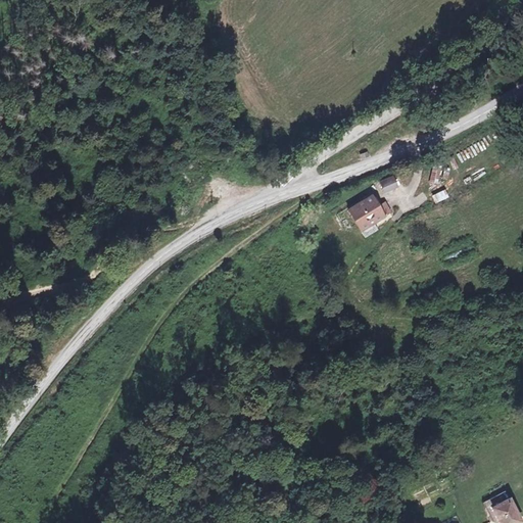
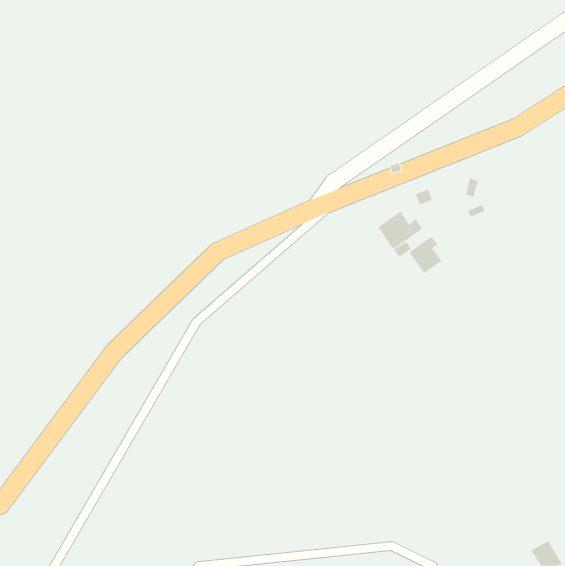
building: none -> [409,236,442,274]

